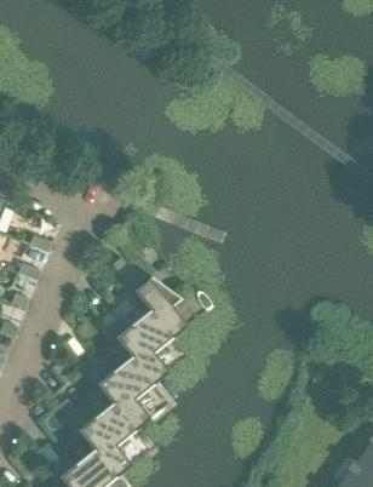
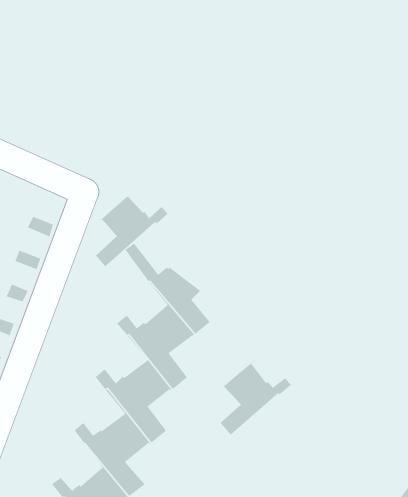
building: none -> [95,176,168,267]
building: none -> [220,346,292,436]

